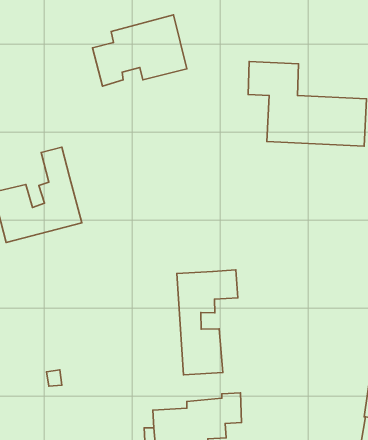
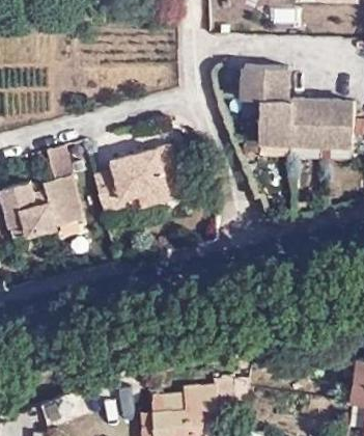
building: [93,15,187,86] -> [92,145,181,213]
building: [177,270,238,375] -> none

